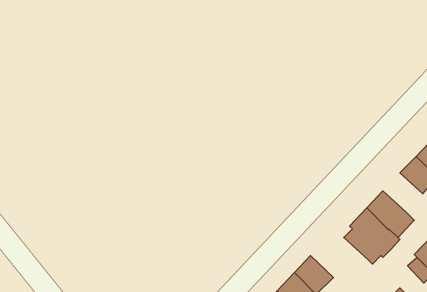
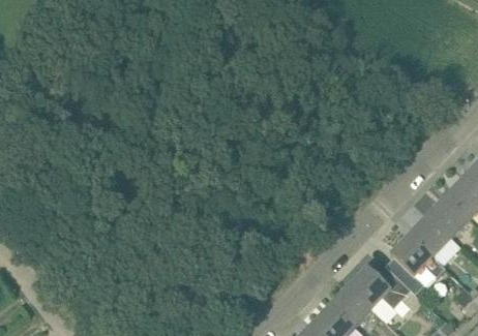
building: none -> [426,195,470,238]
building: none -> [348,266,411,319]

